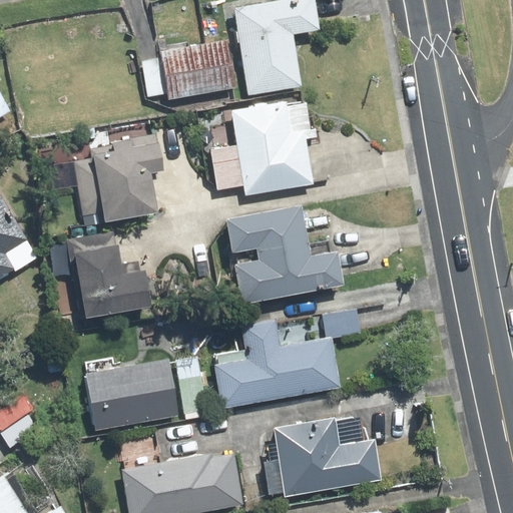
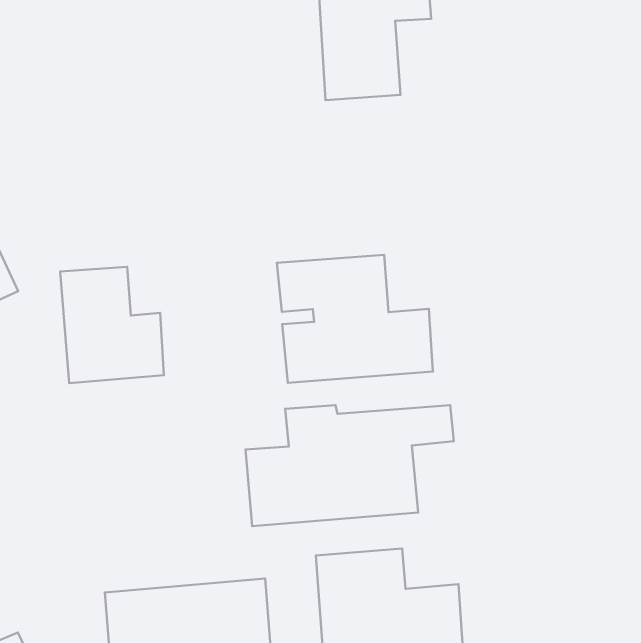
building: [141,38,235,103] -> none
building: [210,97,313,195] -> none
building: [71,132,164,224] -> none
building: [82,355,208,433] -> none

